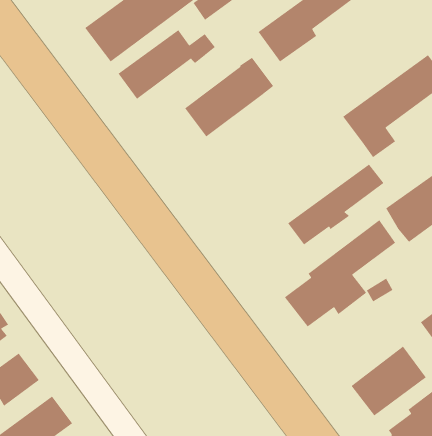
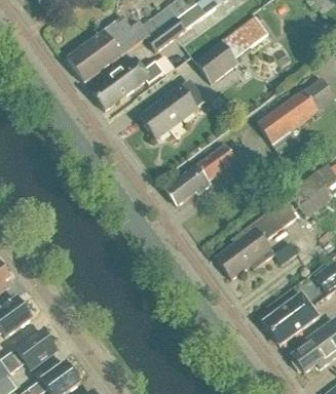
building: [287,164,384,245] -> [164,144,236,204]

